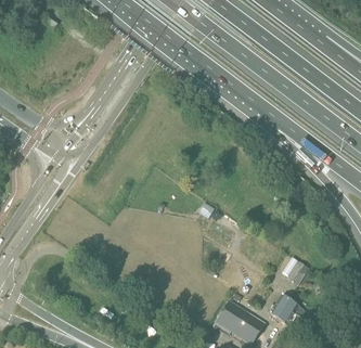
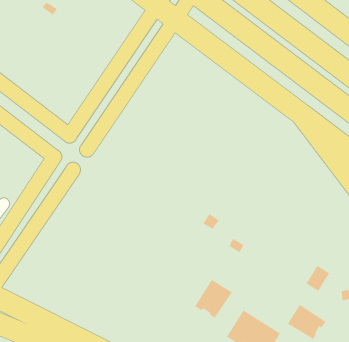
building: none -> [194,279,233,319]

